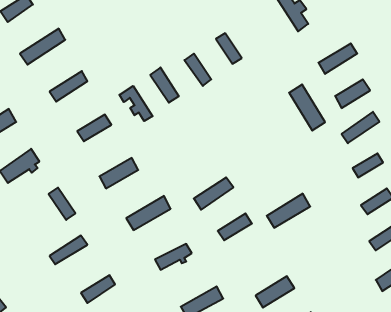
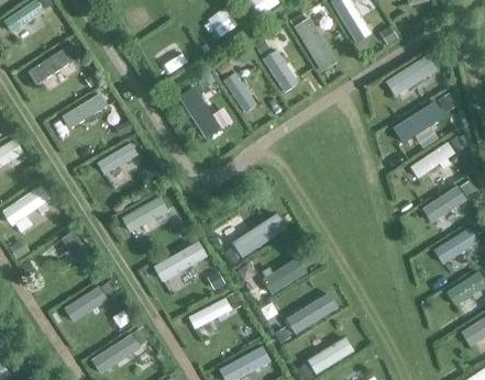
building: [289,84,325,131] -> [295,16,338,71]
building: [119,86,153,121] -> none
building: [267,194,310,228] -> [285,293,337,334]

